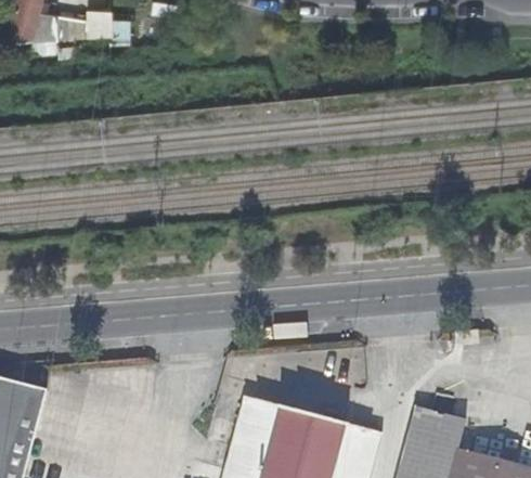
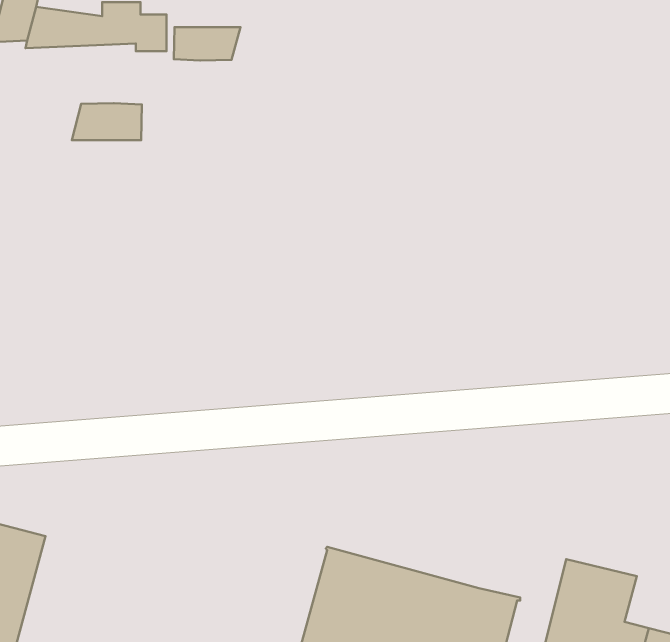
building: none -> [174,27,240,60]
building: none -> [72,103,142,140]

